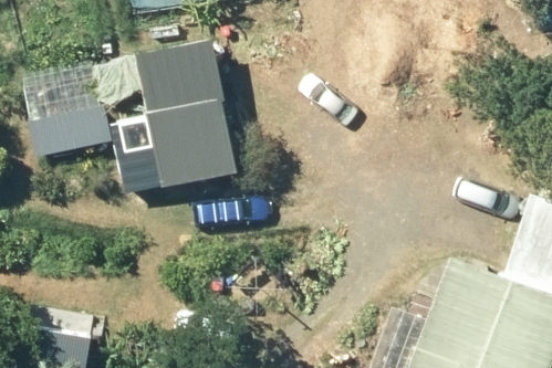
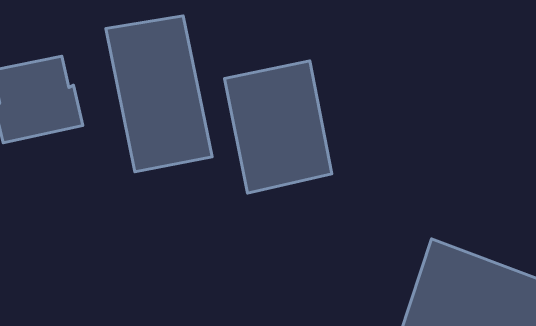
building: none -> [225,61,332,193]

